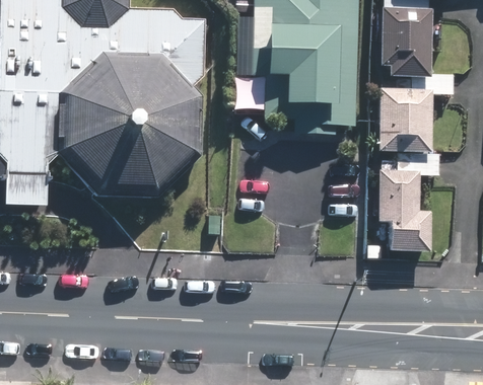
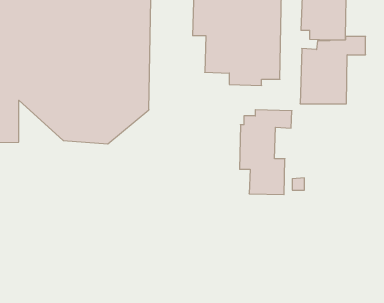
building: [377,155,438,253] -> [240,110,292,195]

